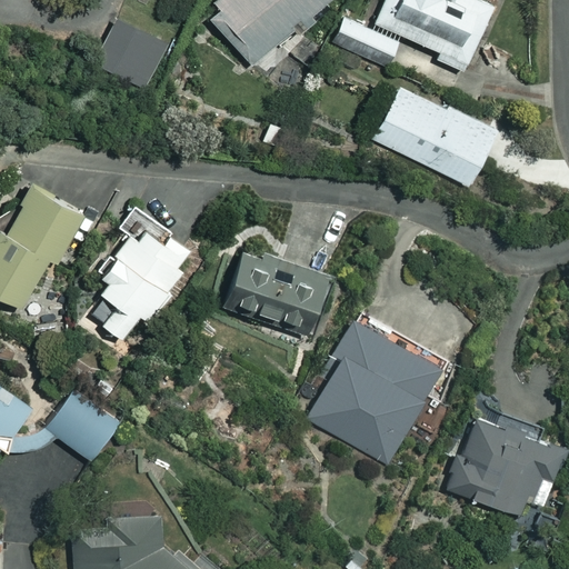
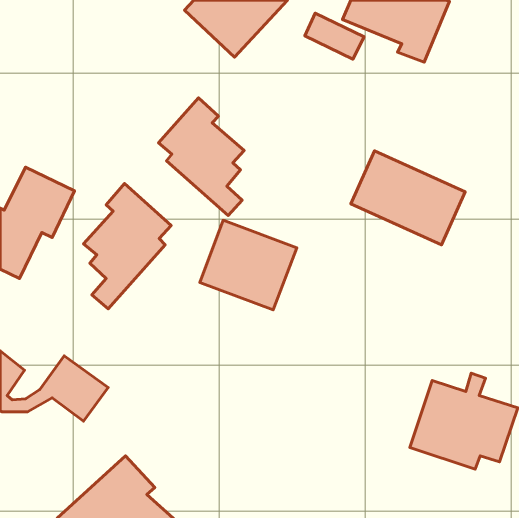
building: [96,18,168,90] -> none
building: [371,82,496,184] -> [351,151,465,245]
building: none -> [159,98,244,215]
building: [307,321,439,462] -> none

